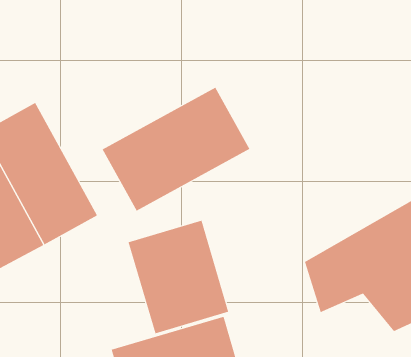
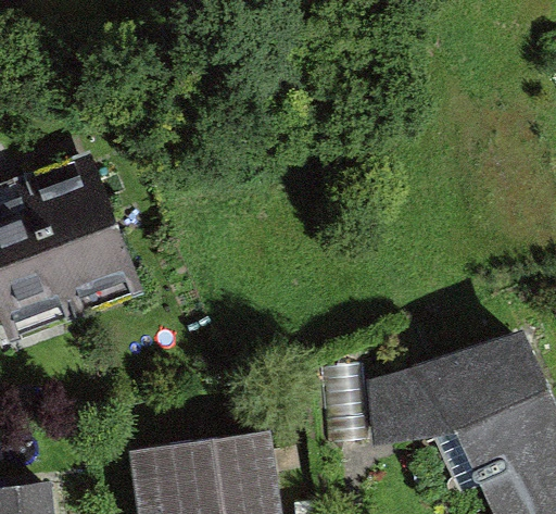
building: [102,87,250,211] -> none
building: [128,220,229,334] -> none

